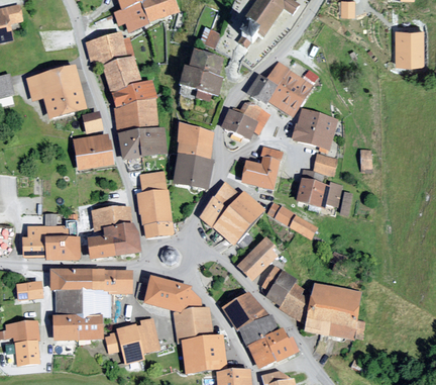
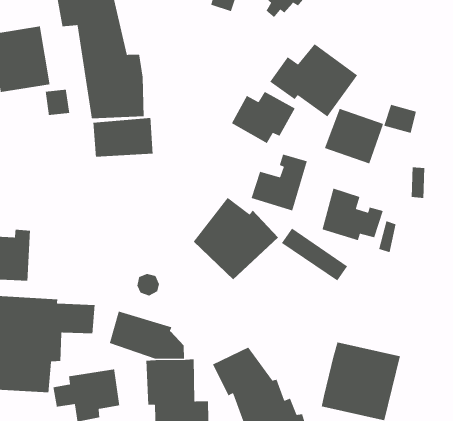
building: [180,50,224,96] -> none
building: [173,121,213,189] -> none
building: [73,133,113,170] -> none
building: [312,154,336,175] -> [383,104,417,134]
building: [137,170,174,235] -> none
building: [88,206,140,259] -> none
building: [236,235,282,281] -> none
building: [260,266,312,324] -> none

